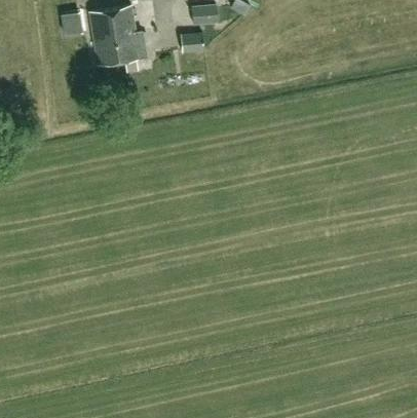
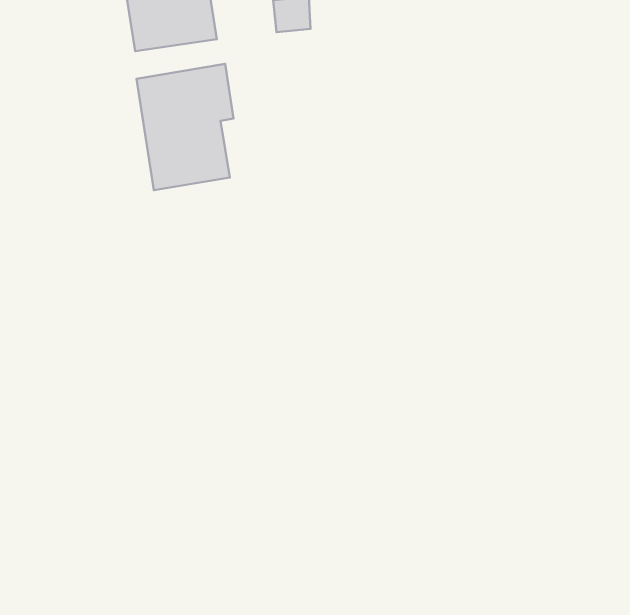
building: none -> [137,64,234,190]

